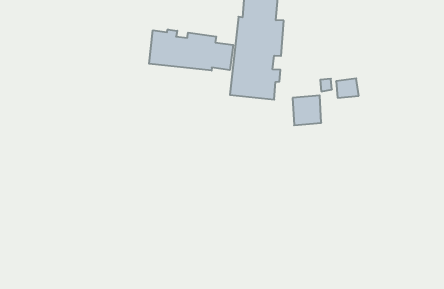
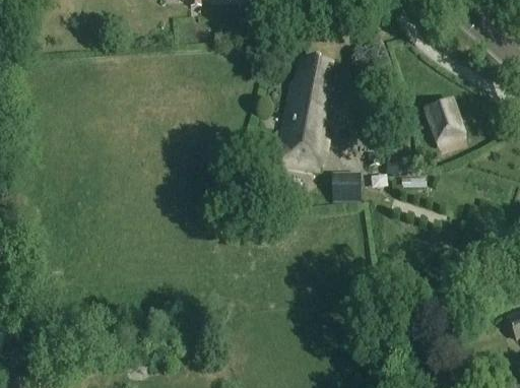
building: none -> [421,99,470,155]
building: [149,29,233,71] -> none

